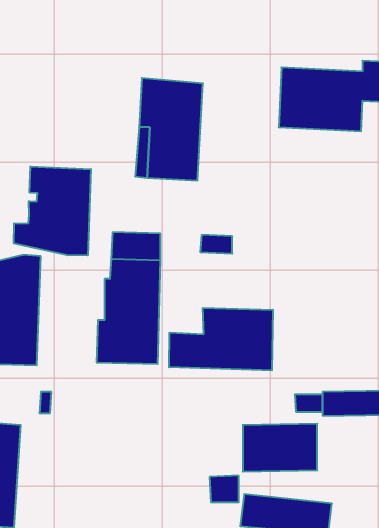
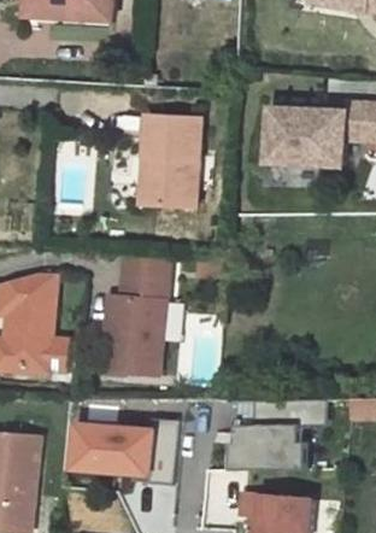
building: [14,166,91,255] -> none
building: [169,308,273,370] -> none
building: none -> [72,426,157,479]

